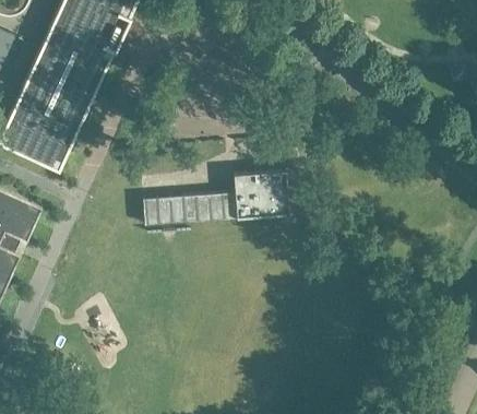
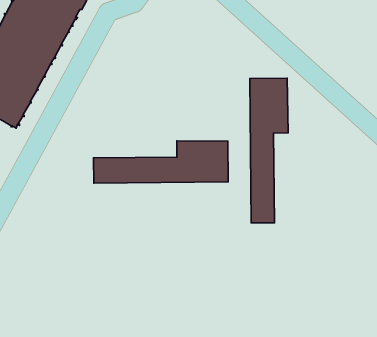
building: none -> [250,78,288,223]

